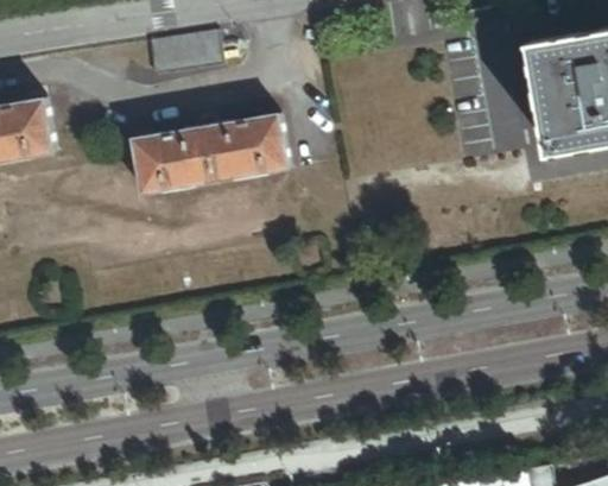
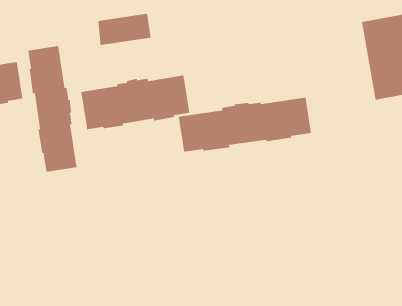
building: none -> [28,45,77,173]
building: none -> [178,97,311,153]

